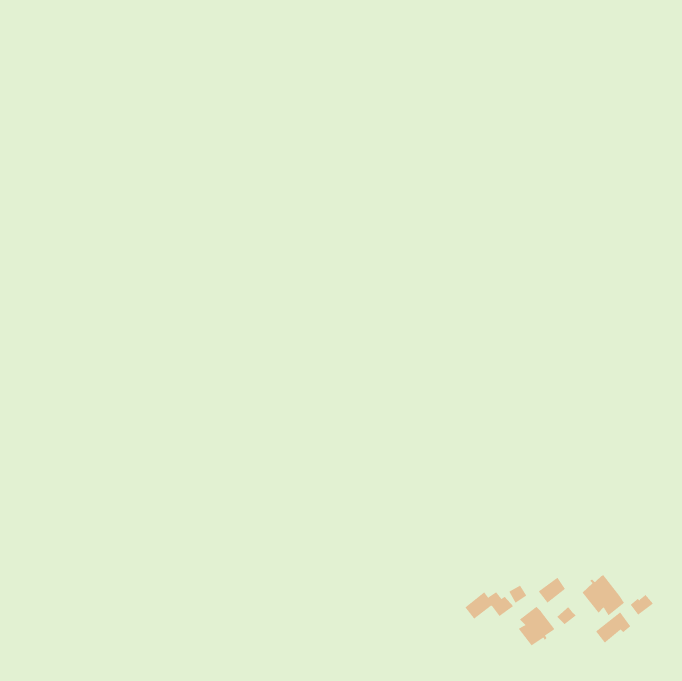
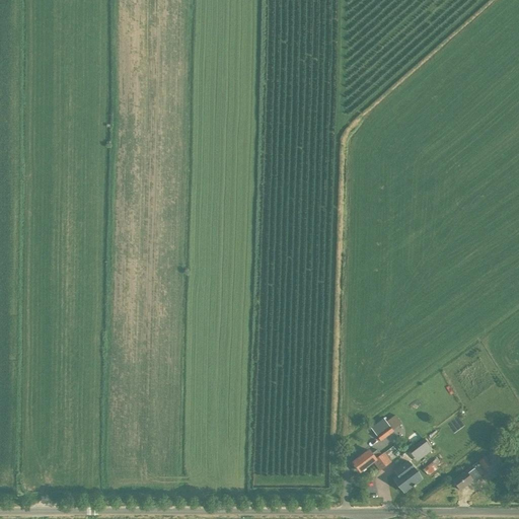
building: none -> [370,415,401,440]
building: [582,574,625,616] -> none

